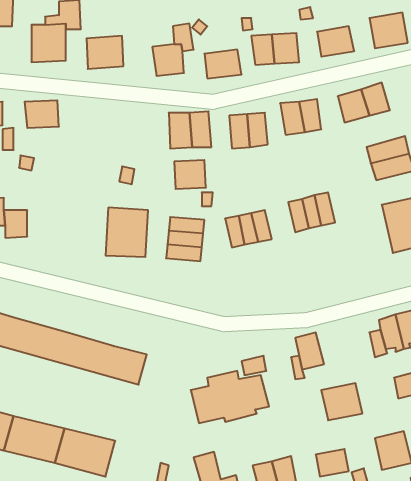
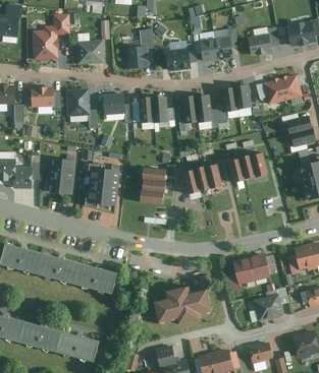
building: none -> [67,86,90,115]
building: [174,160,206,189] -> [103,91,126,113]
building: none -> [48,163,75,196]
building: none -> [247,253,268,281]

